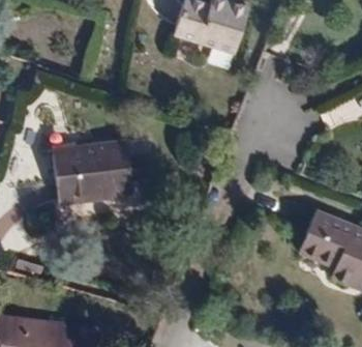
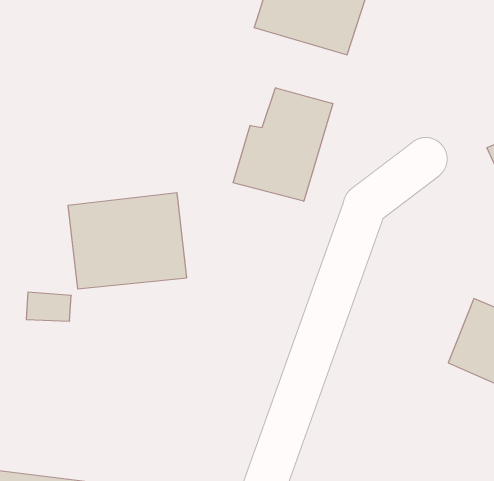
building: none -> [233,88,333,201]

